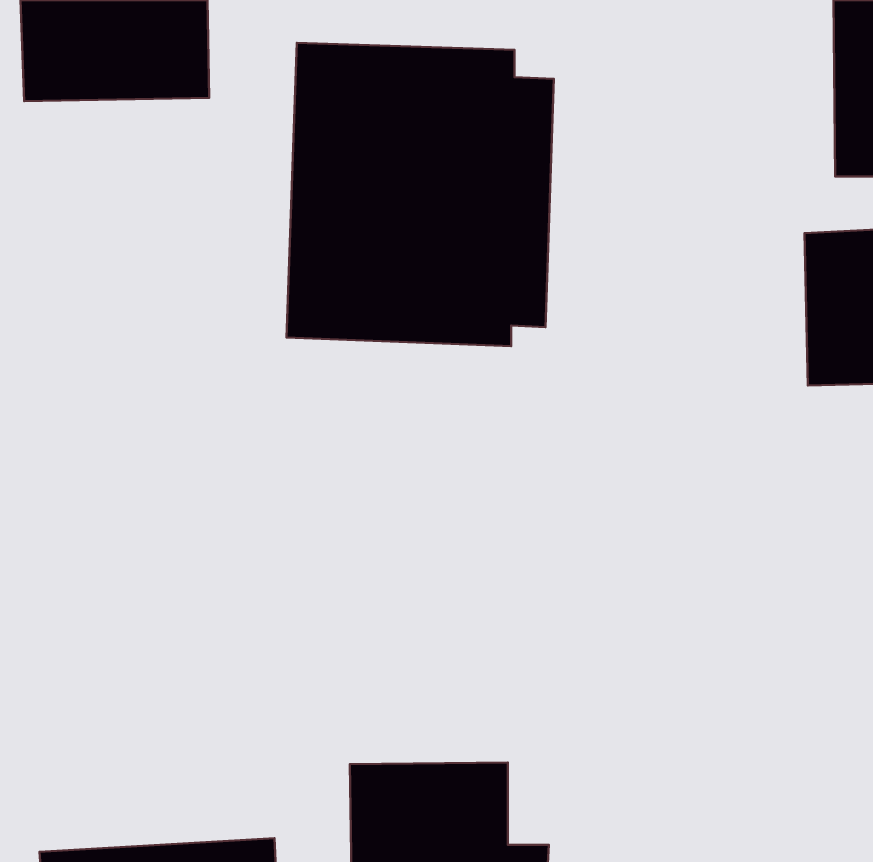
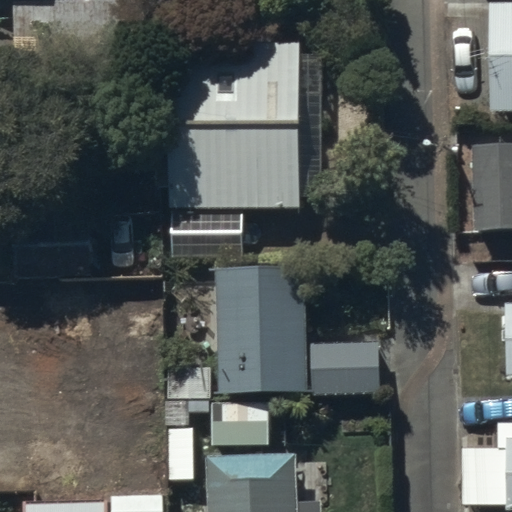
building: none -> [154,267,379,444]

